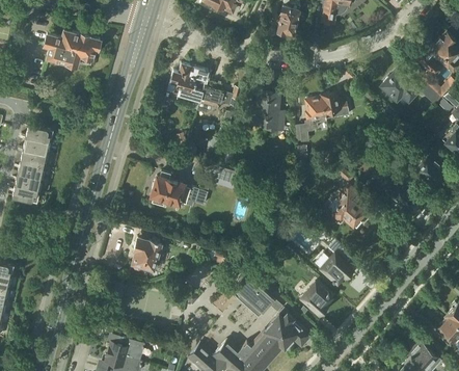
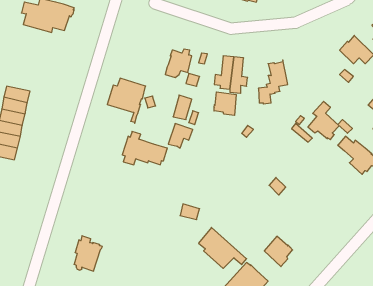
building: [167,63,208,111] -> [107,78,146,123]
building: [321,92,348,120] -> none
building: none -> [214,92,236,115]
building: [332,187,366,228] -> [308,101,339,140]
building: [132,234,162,271] -> [74,236,102,271]
building: [315,240,353,283] -> none

